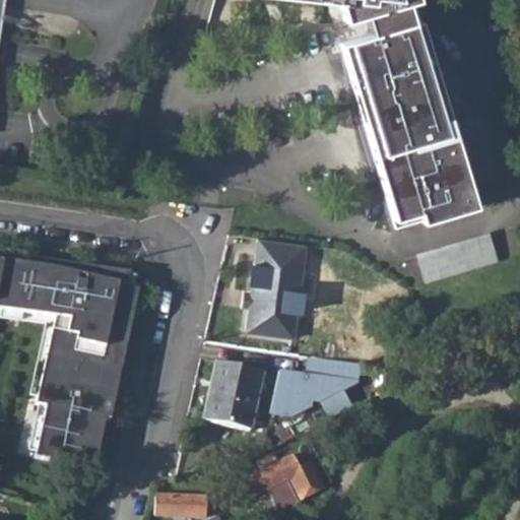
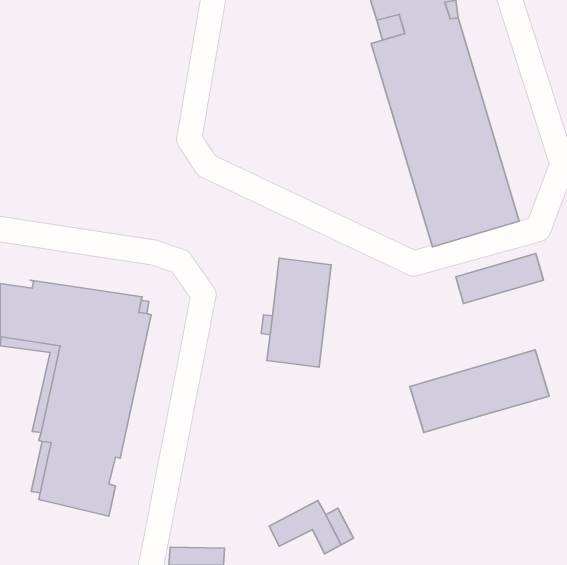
building: none -> [410,350,549,433]
building: [271,356,364,421] -> none
building: [202,363,263,434] -> none

